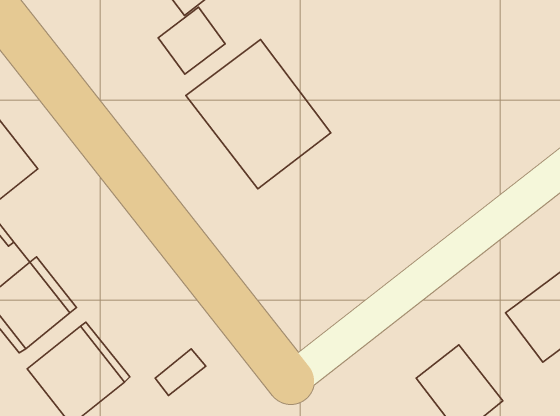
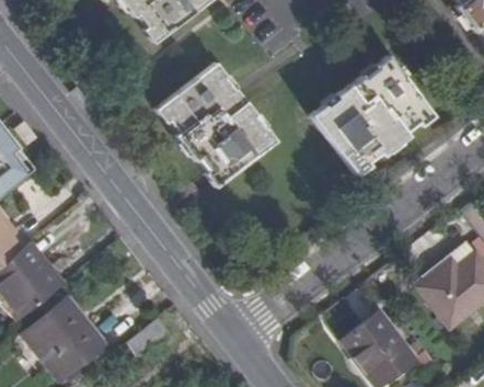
building: [158,7,225,74] -> none
building: none -> [307,57,430,179]

